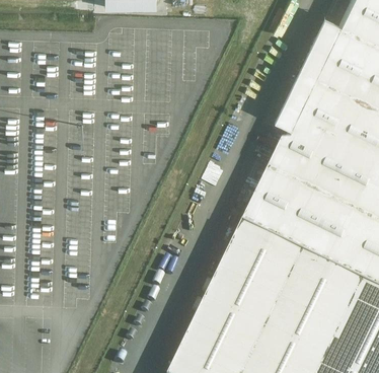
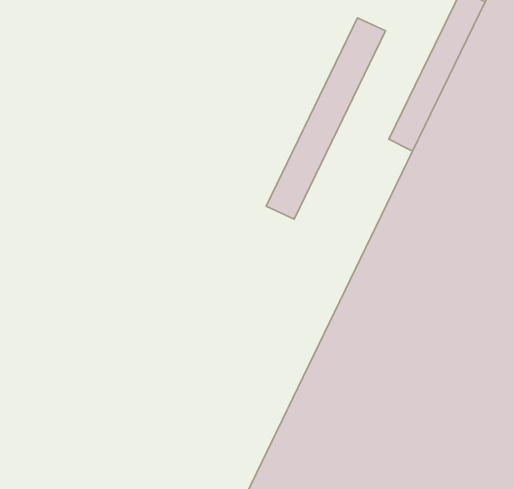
building: none -> [266,18,386,219]

